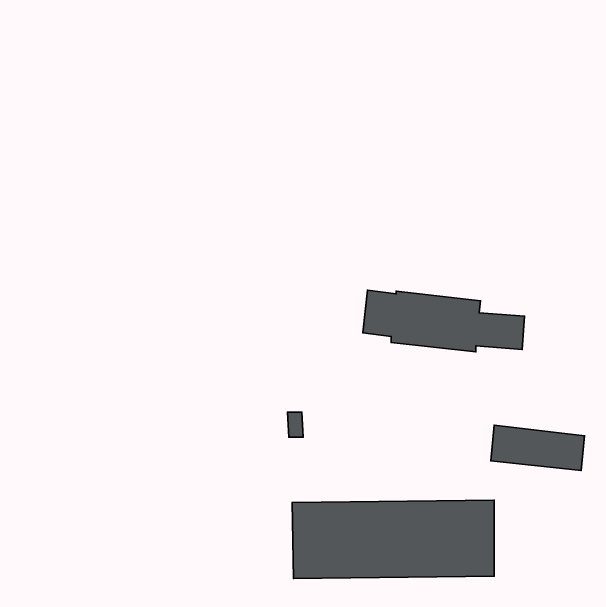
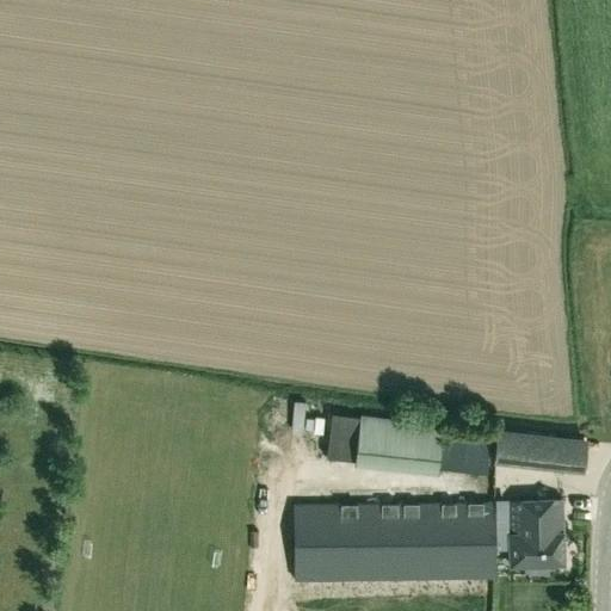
building: [363,290,524,352] -> [328,414,490,476]
building: none -> [511,500,566,564]

